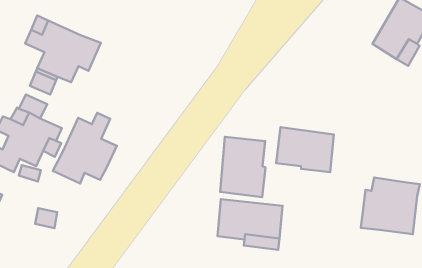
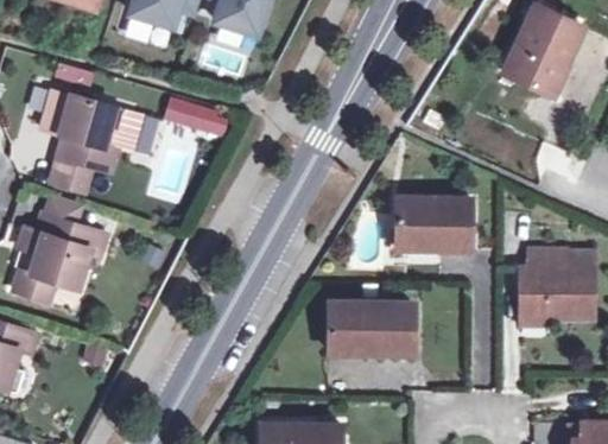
building: none -> [164,95,230,137]
building: [53,113,117,183] -> none
building: [220,137,265,197] -> none

